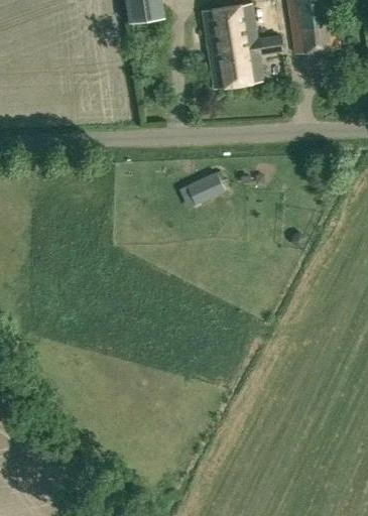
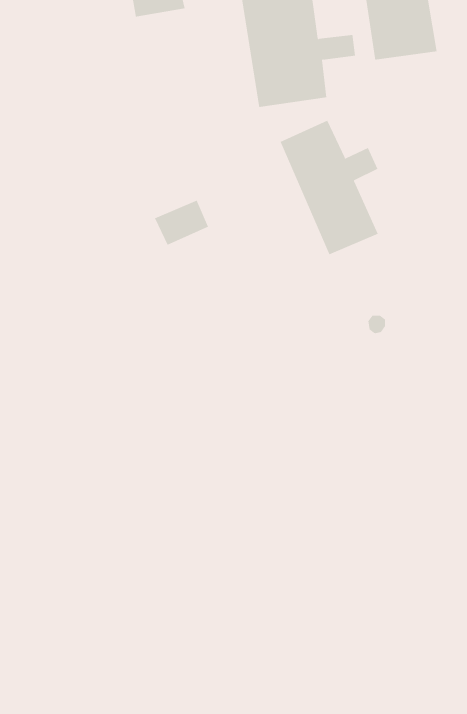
building: none -> [280,120,379,255]
building: [183,172,222,205] -> [154,200,209,245]

